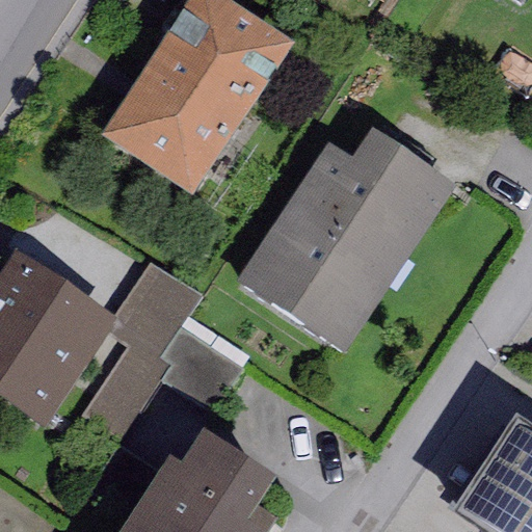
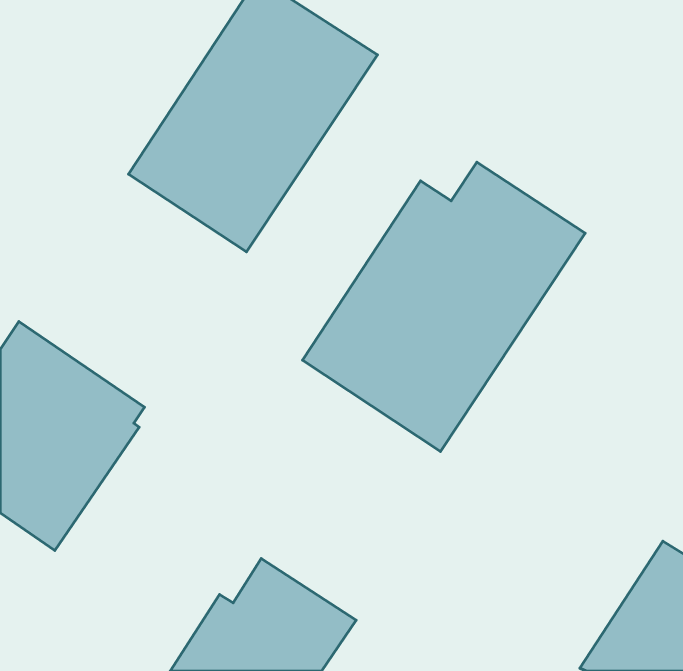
building: [82,257,243,434] -> none

